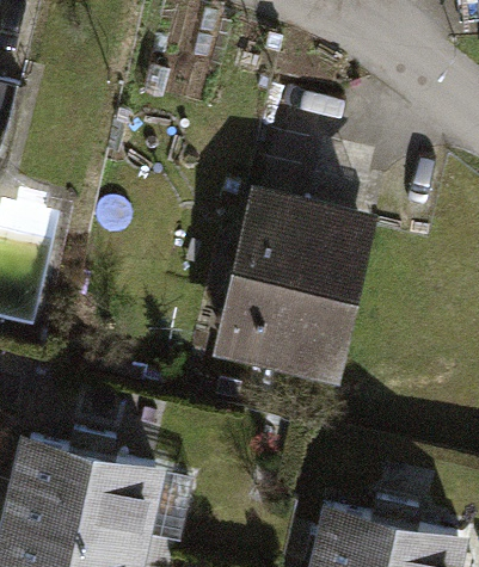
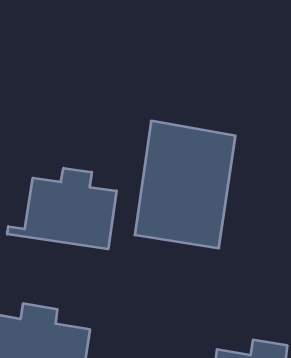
building: none -> [7,168,116,249]

